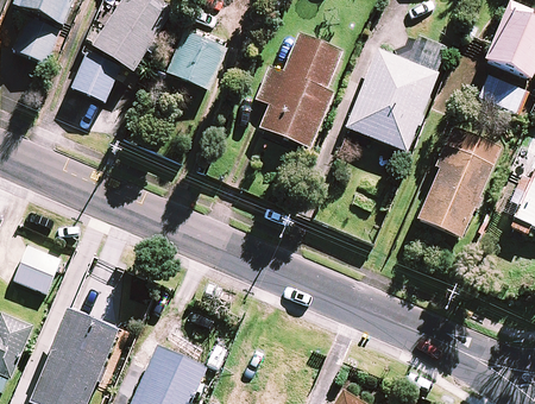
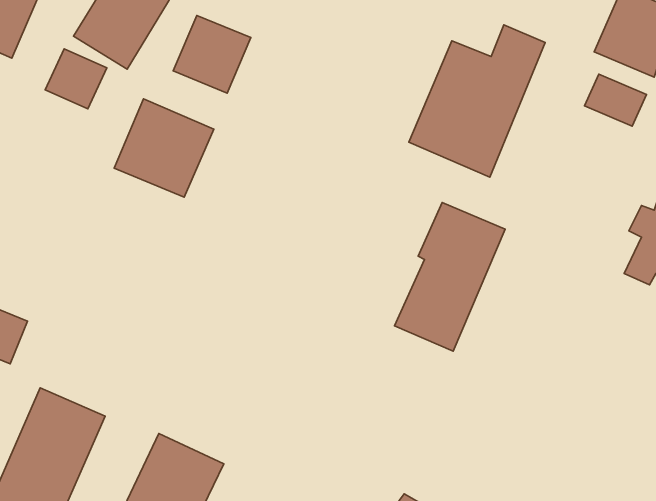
building: [257,33,341,145] -> none
building: none -> [114,99,214,197]
building: [417,125,501,236] -> [395,202,505,351]

